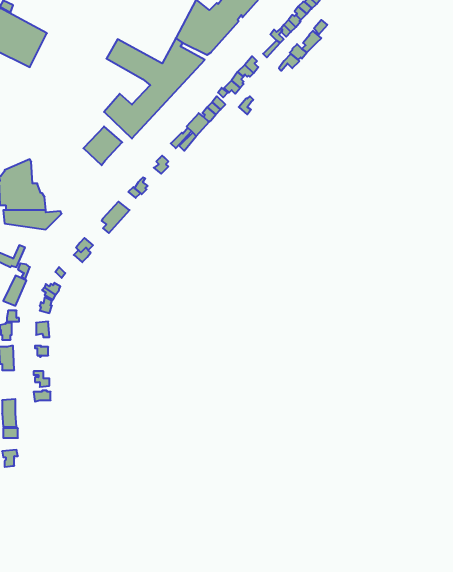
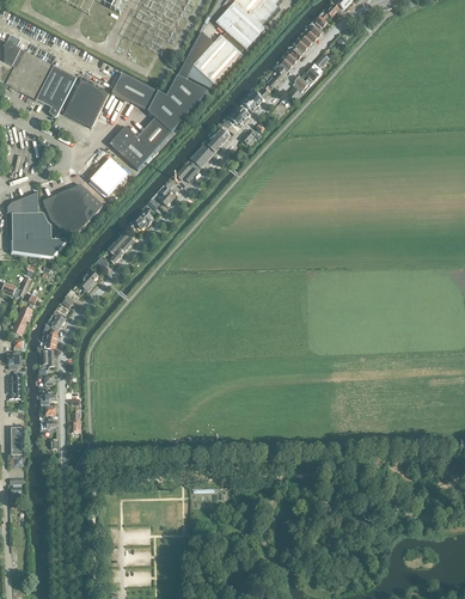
building: none -> [36,66,75,116]
building: none -> [63,80,108,128]
building: none -> [42,184,102,239]

